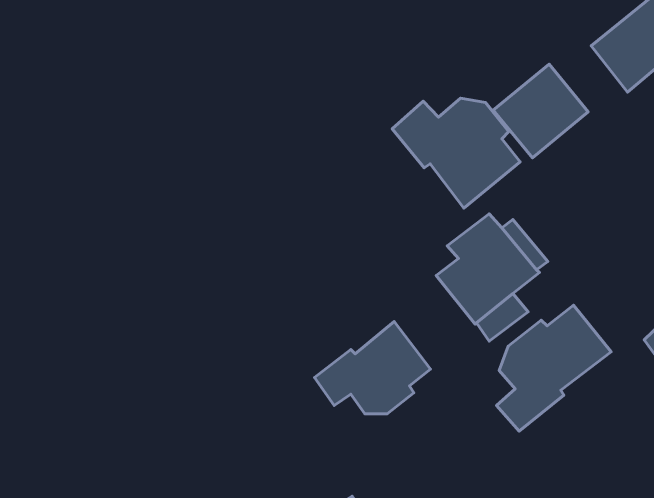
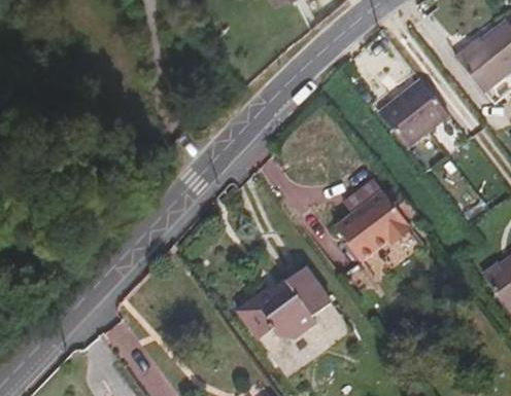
building: [392,98,520,208] -> none
building: [497,305,611,431] -> none

